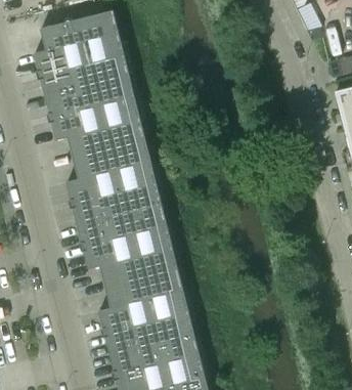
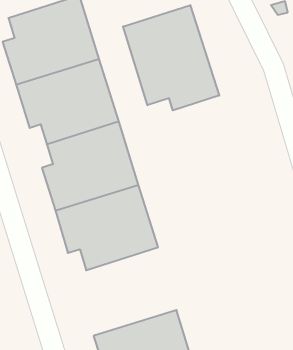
building: none -> [123,5,219,110]
building: [98,268,194,354] -> none

